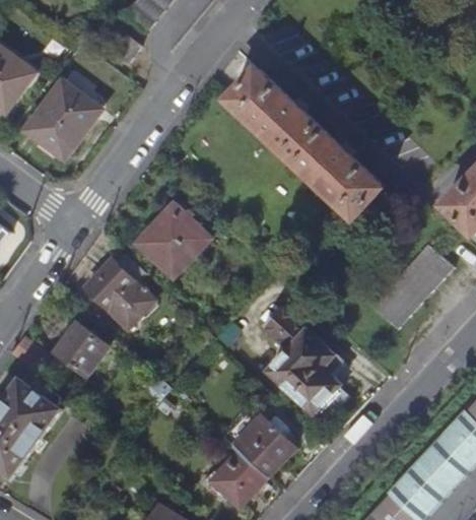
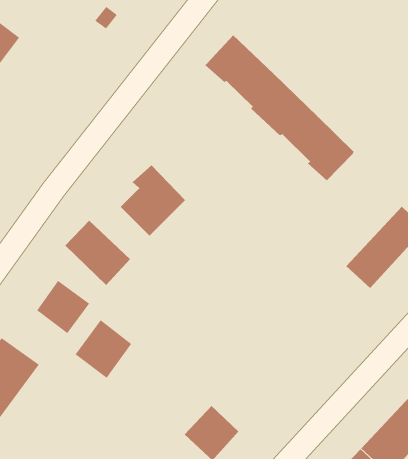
building: [24,79,96,155] -> none
building: [258,310,339,419] -> none
building: none -> [74,319,132,379]
building: [230,416,291,477] -> none

